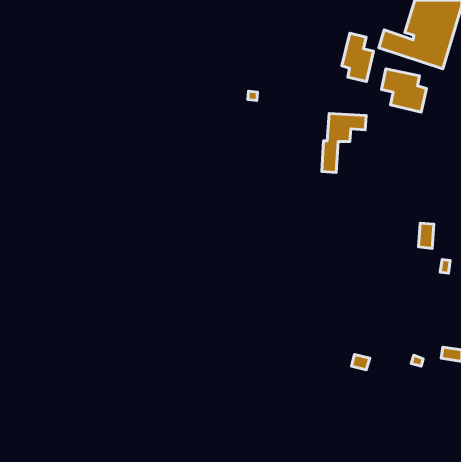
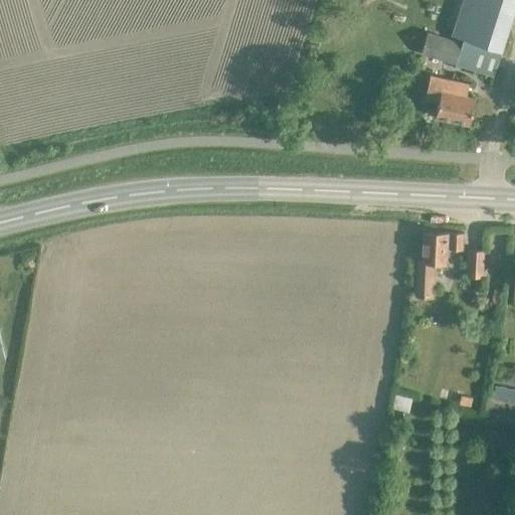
building: [342,33,373,82] -> none
building: [322,114,366,172] -> [415,230,465,296]

